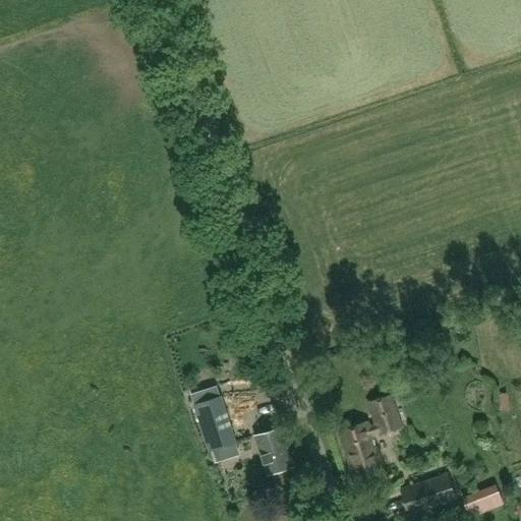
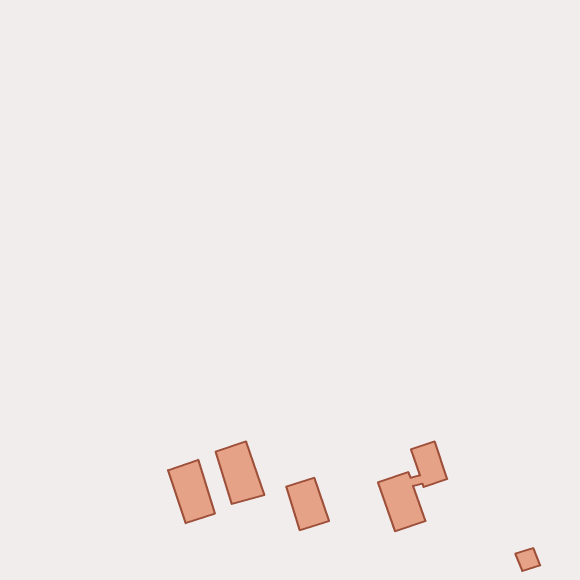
building: none -> [168,460,215,523]
building: [401,473,458,515] -> none

